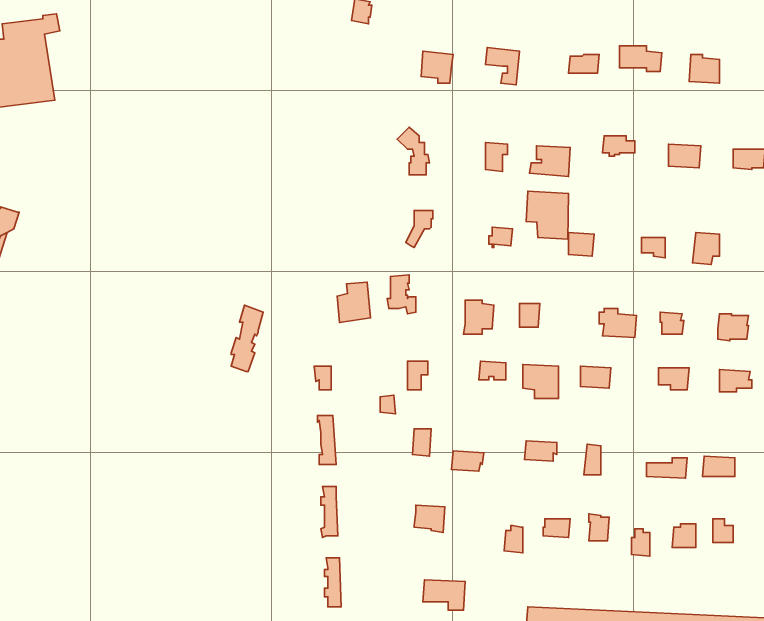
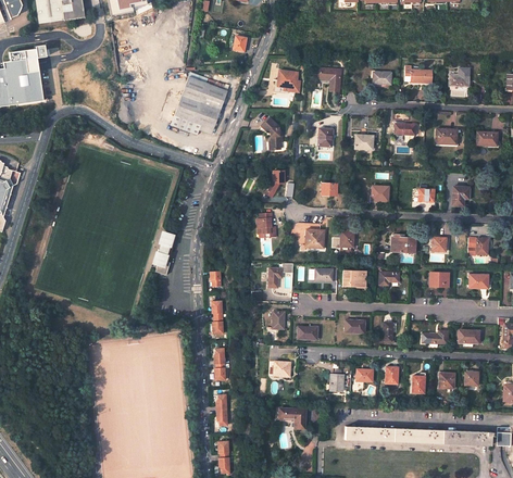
building: none -> [171,77,229,135]
building: [526,191,568,239] -> none
building: [337,282,371,322] -> none

